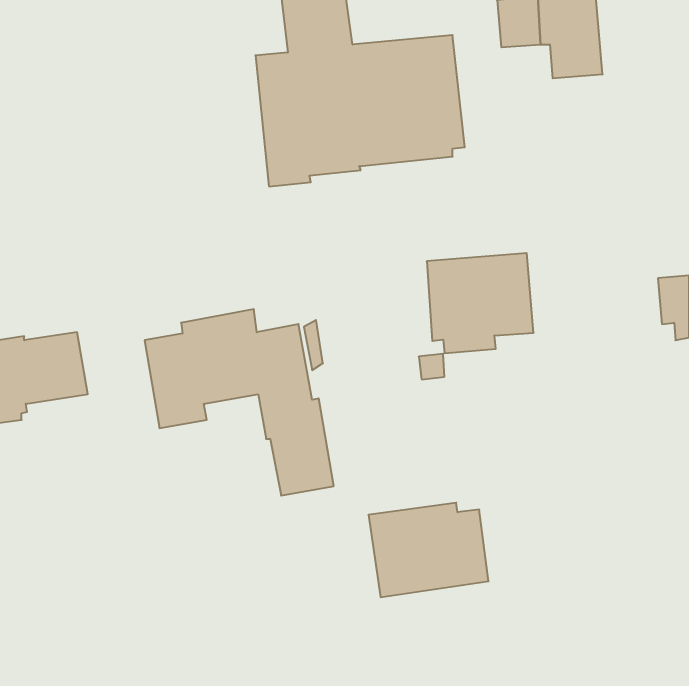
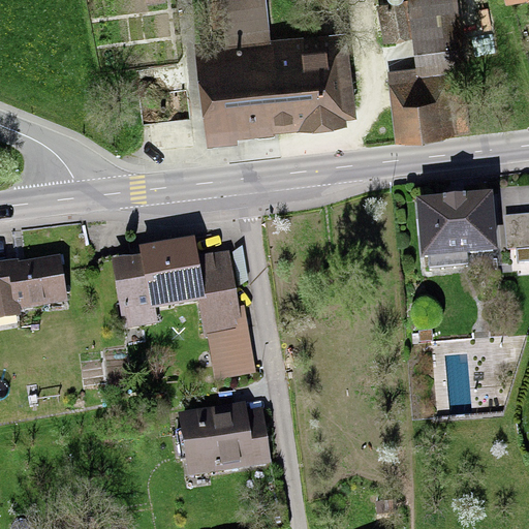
building: none -> [387,60,456,138]
building: [427,253,534,353] -> [415,192,497,269]
building: [368,503,489,597] -> [178,402,270,474]

